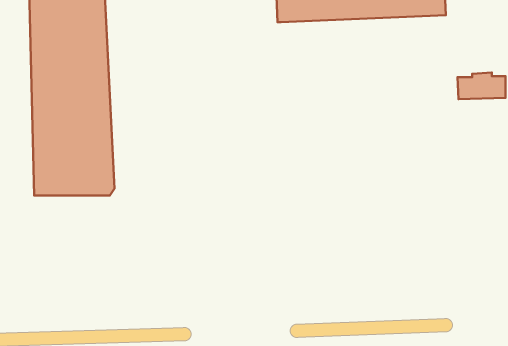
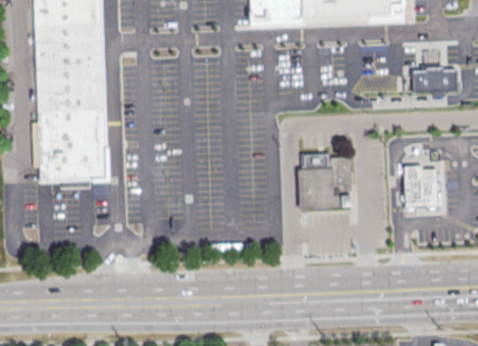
building: none -> [302,155,354,210]
building: none -> [408,165,442,212]

